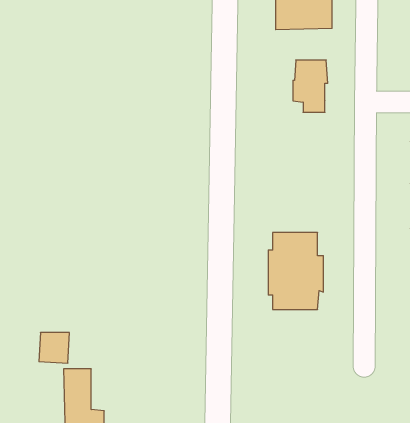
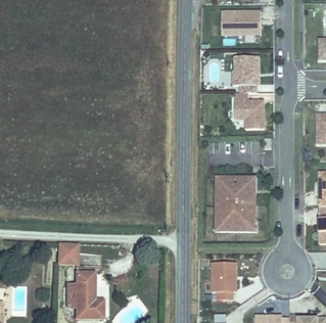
building: none -> [235,92,264,128]
building: none -> [213,262,236,299]

